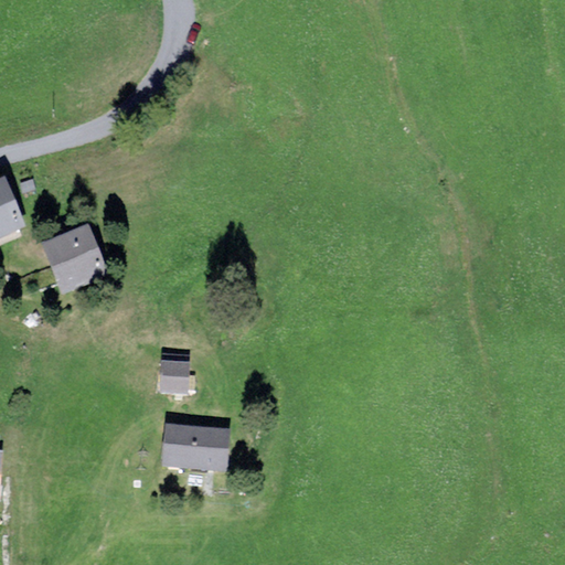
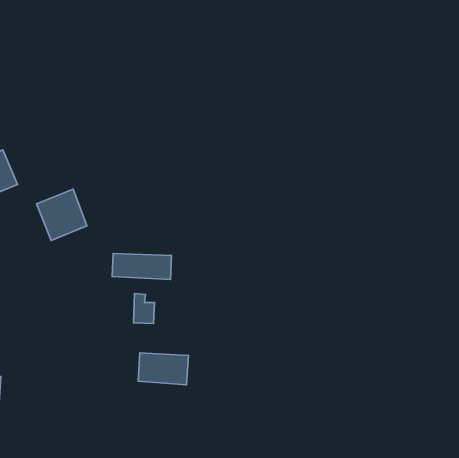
building: none -> [112,254,172,279]

